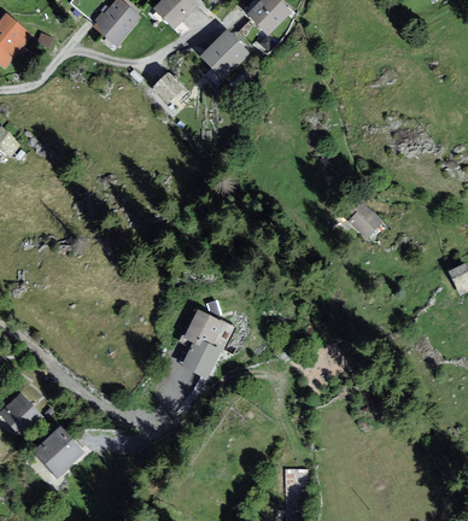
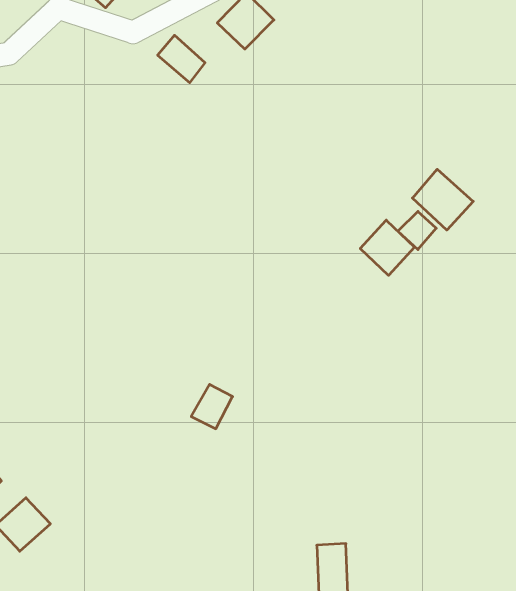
building: none -> [412,169,473,230]
building: none -> [360,220,415,275]
building: [188,314,221,345] -> none

